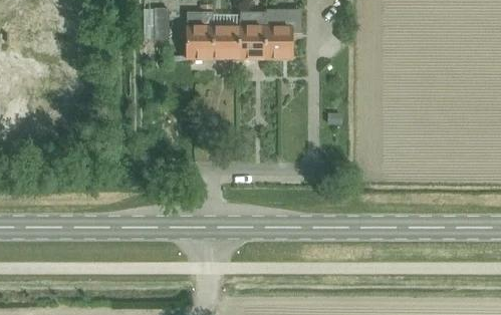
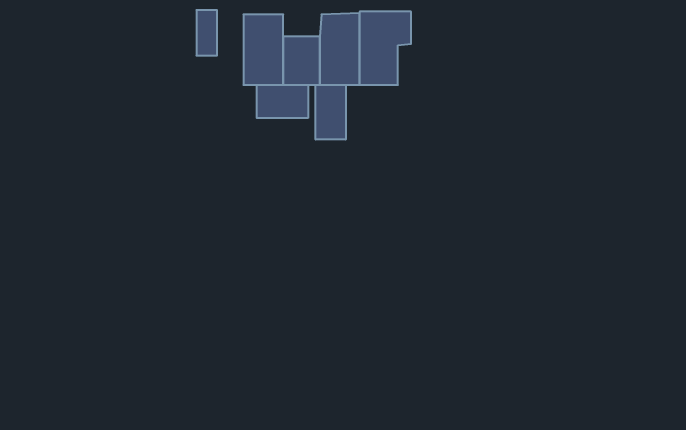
building: none -> [257,85,308,118]
building: none -> [316,85,346,140]

